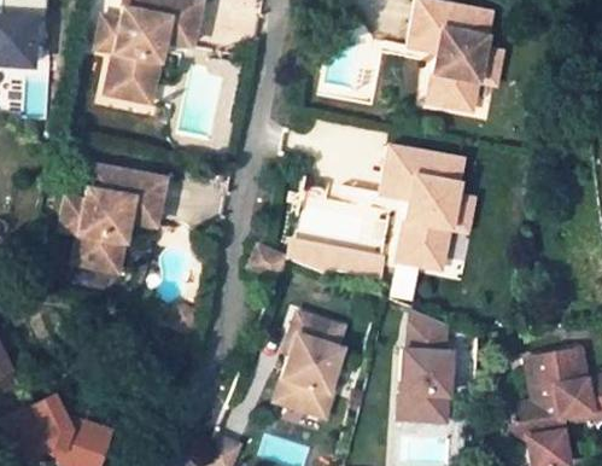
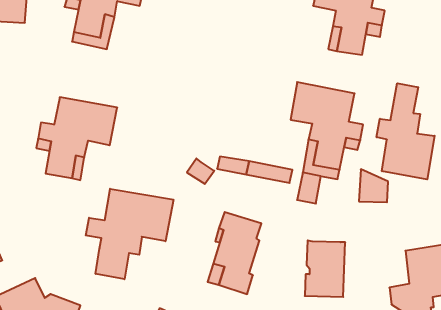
building: none -> [377,83,435,179]
building: none -> [86,189,173,279]
building: [410,308,448,350] -> [359,169,388,202]

